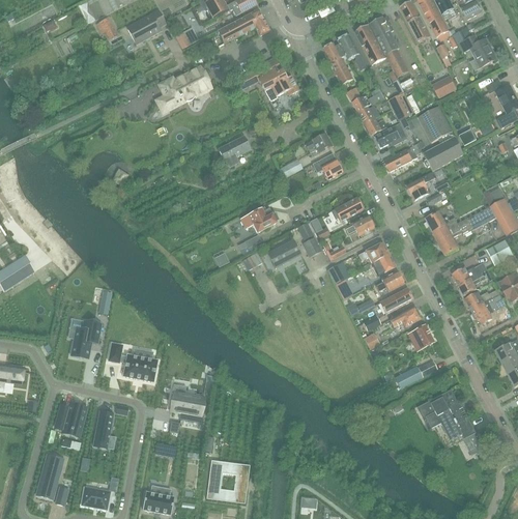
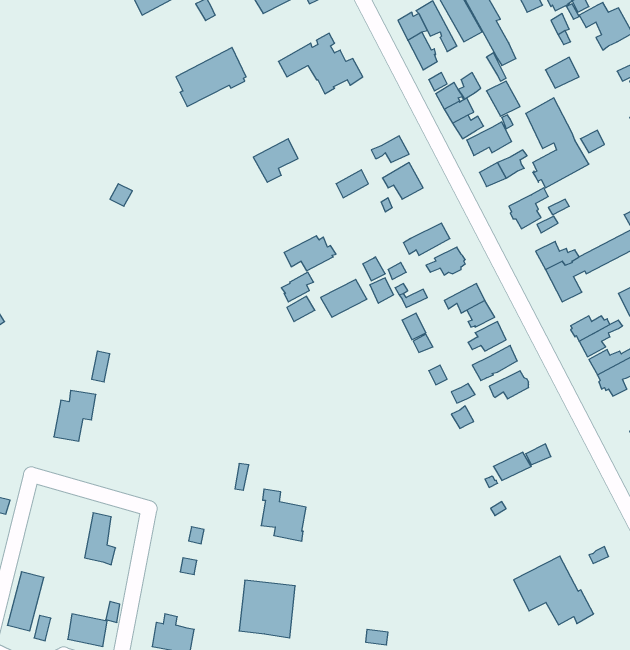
building: [406,324,433,350] -> none
building: [107,341,156,381] -> none
building: [171,383,204,422] -> [261,489,306,541]
building: [416,388,476,439] -> [514,556,594,625]
building: [54,402,86,432] -> none

